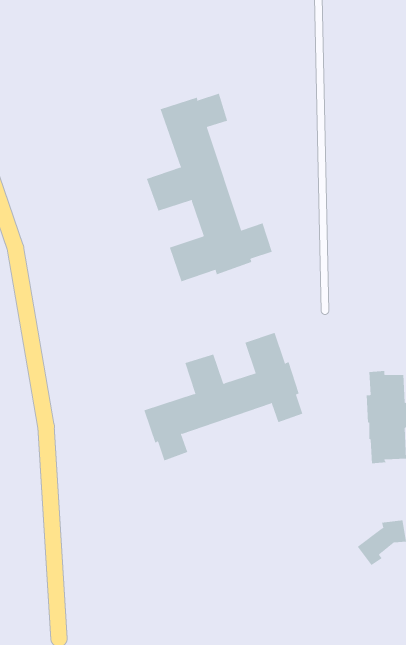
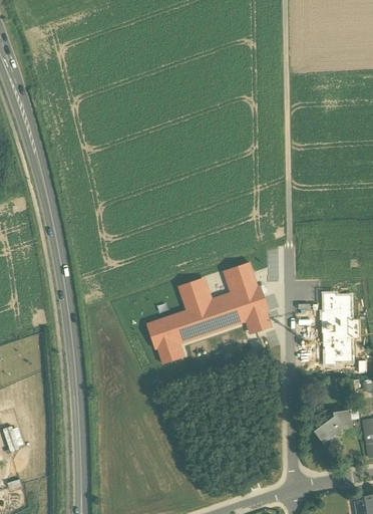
building: [146,93,272,282] -> none

